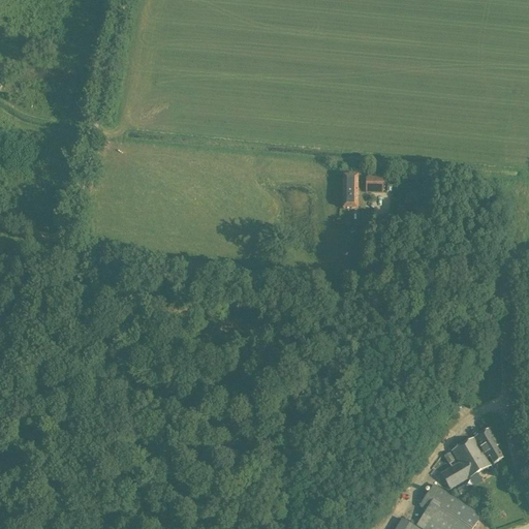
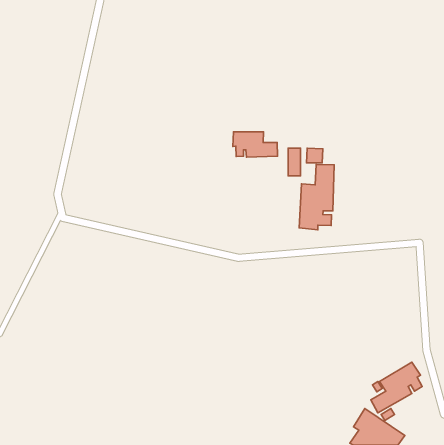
building: none -> [233,132,278,157]
building: none -> [299,165,334,230]

